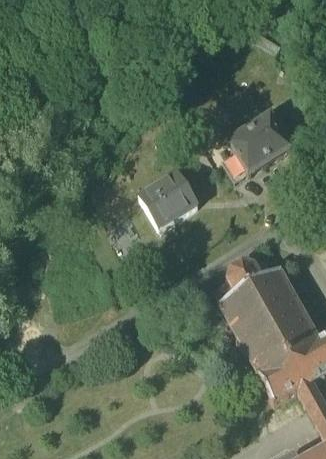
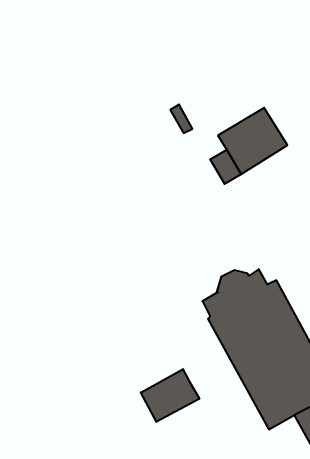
building: [139,166,199,225] -> none
building: none -> [141,369,199,422]

